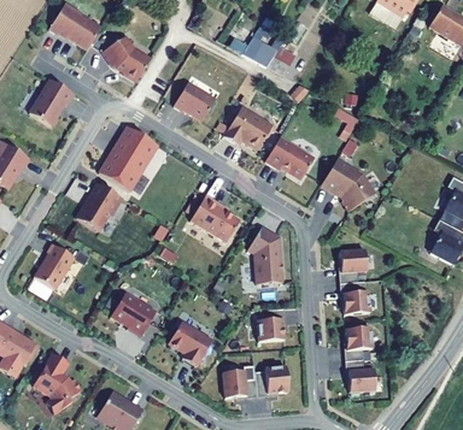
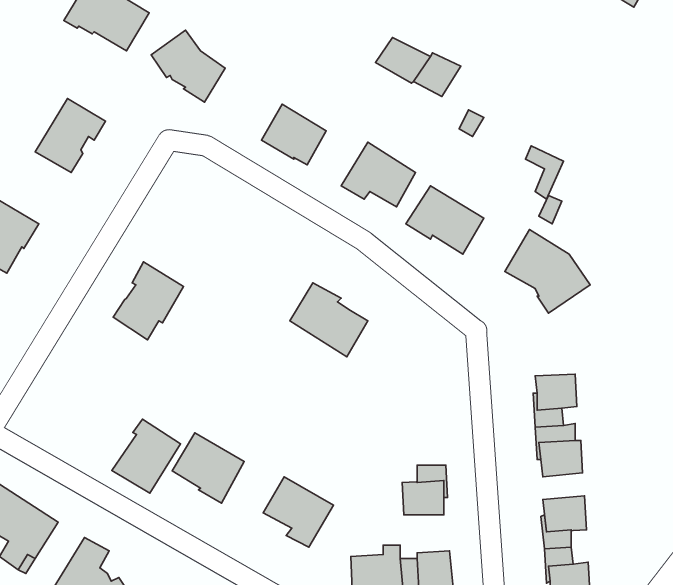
building: [96,125,156,190] -> none
building: [244,225,279,282] -> none
building: [33,243,76,290] -> [112,419,180,493]

